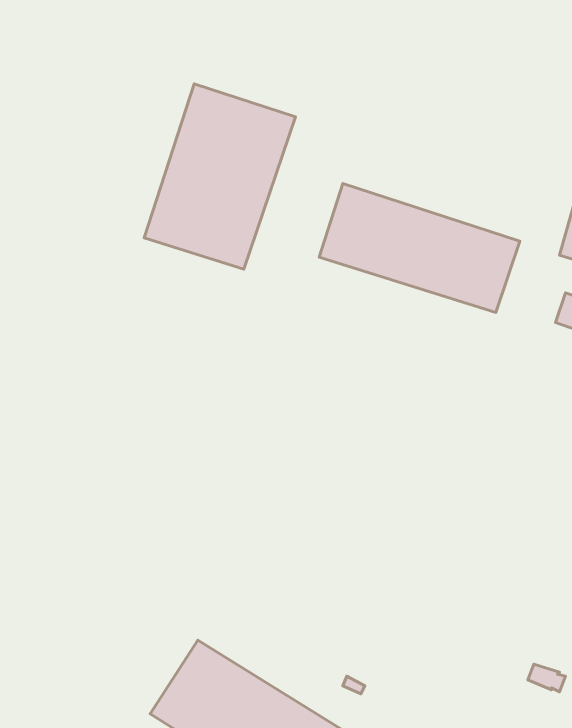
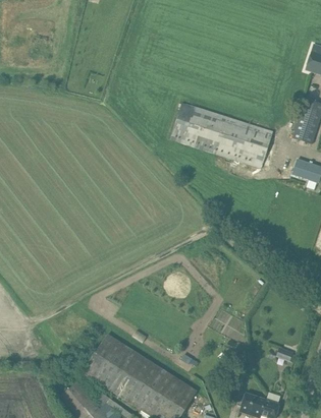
building: [144,84,295,269] -> none

